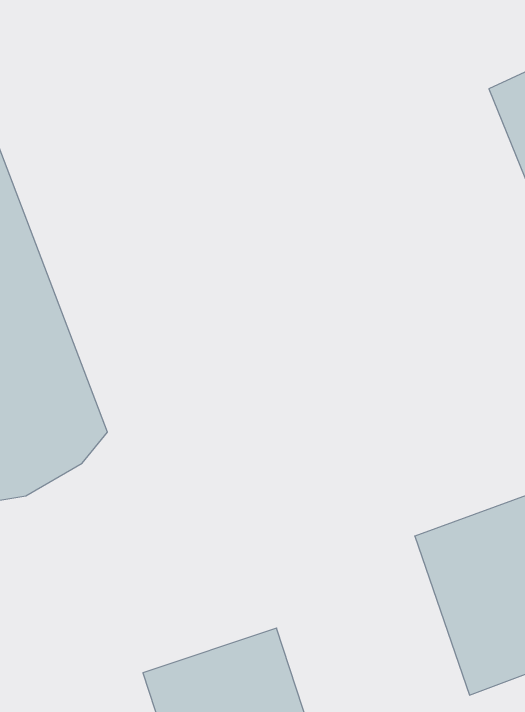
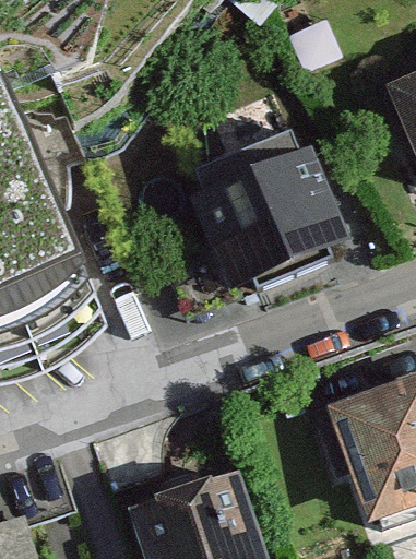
building: none -> [194,144,340,278]

